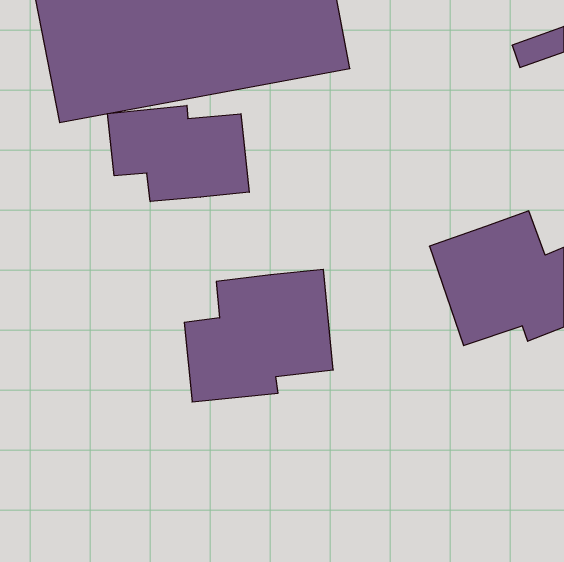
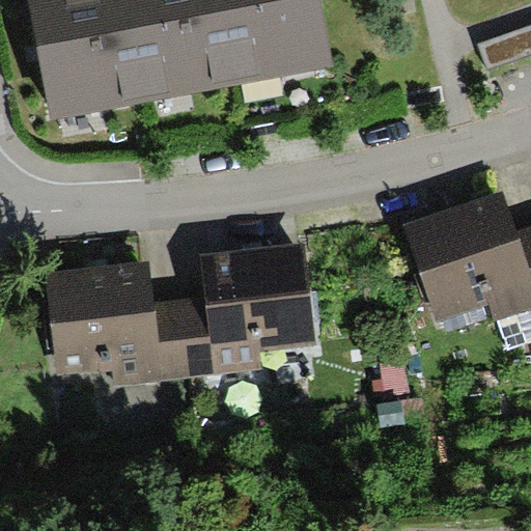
building: [107,105,249,202] -> none
building: none -> [48,271,180,385]

